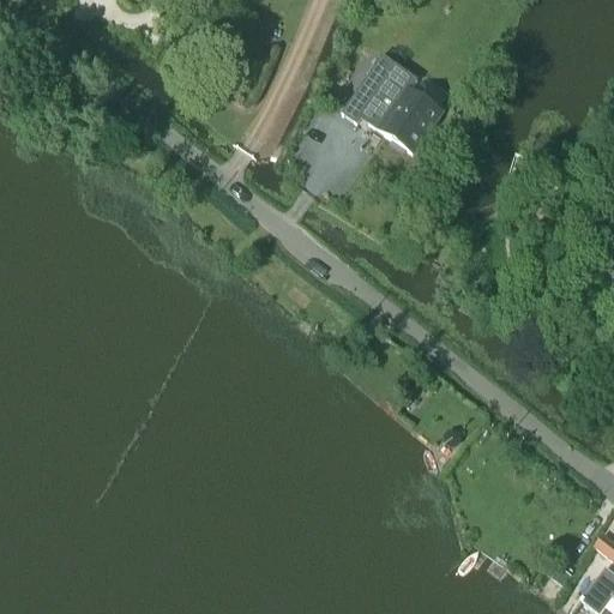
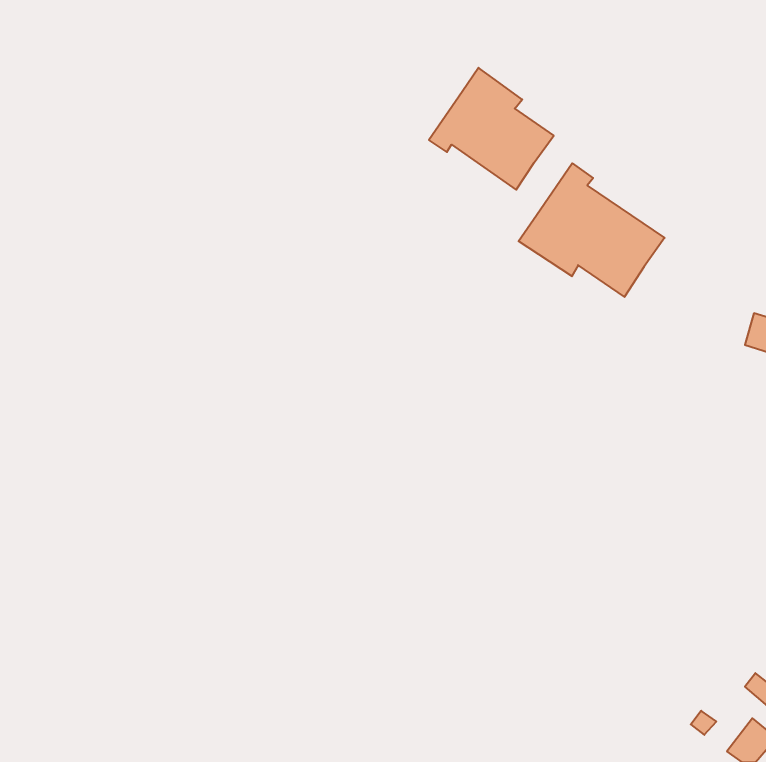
building: none -> [519,163,665,297]

